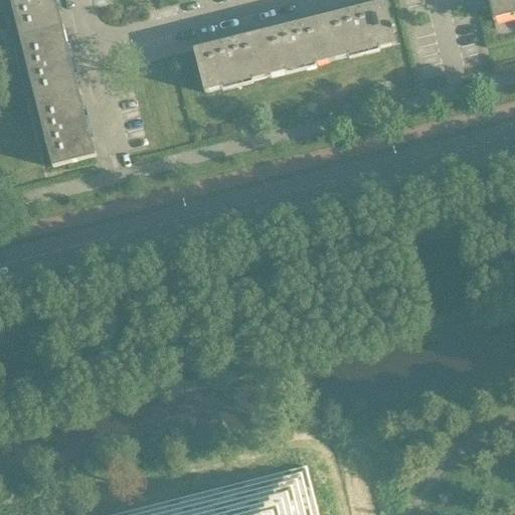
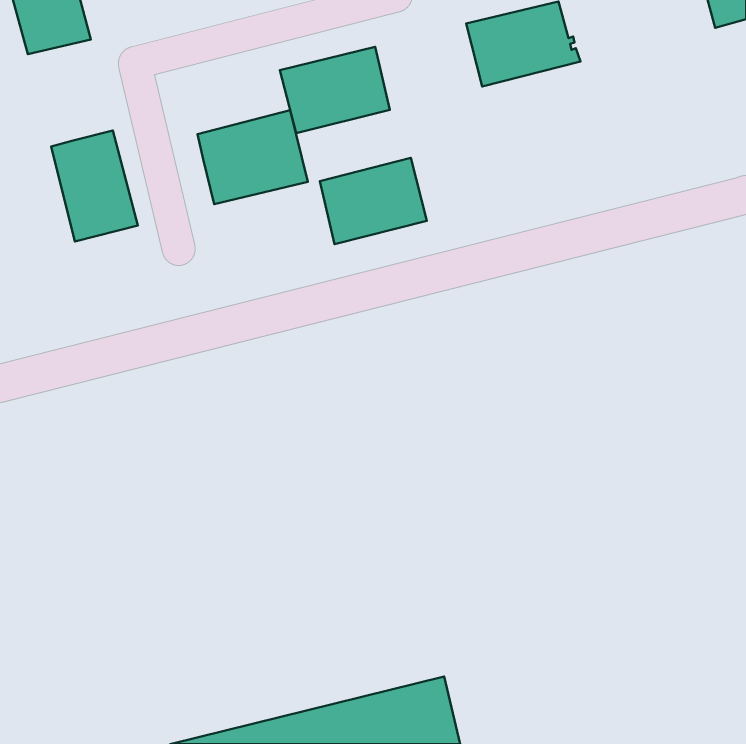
building: [258,16,331,75] -> [320,158,427,244]
building: [19,27,77,101] -> none
building: none -> [197,110,308,204]

